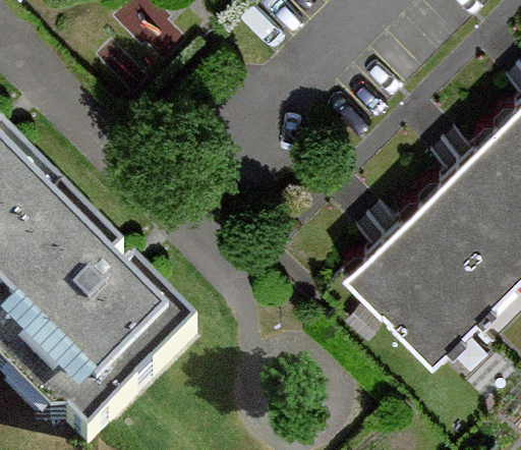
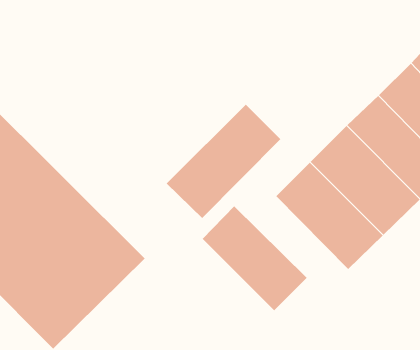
building: none -> [166,104,281,219]
building: none -> [202,206,307,311]

